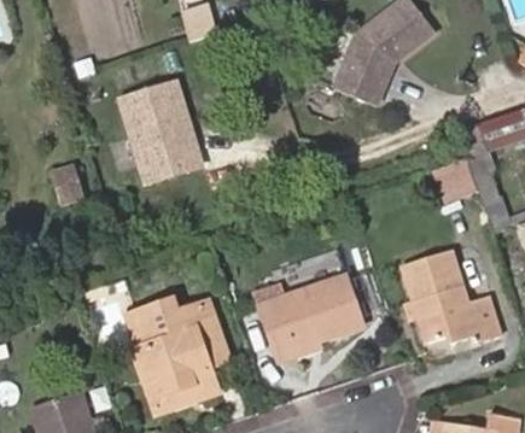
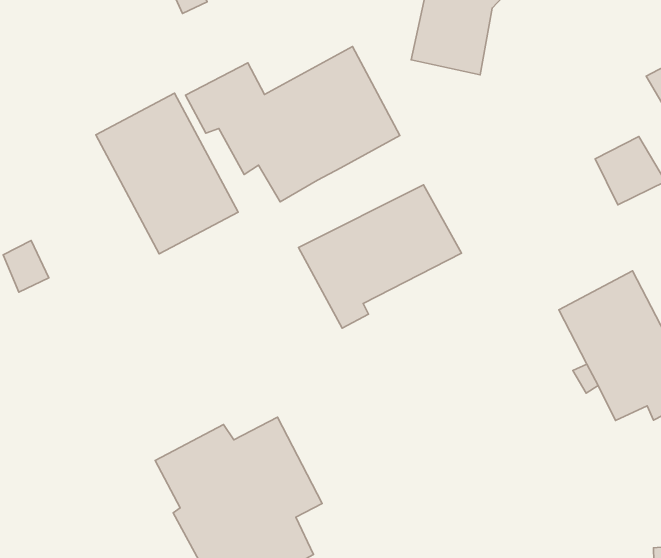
building: none -> [185,47,400,202]
building: [259,279,362,361] -> [299,185,461,328]

